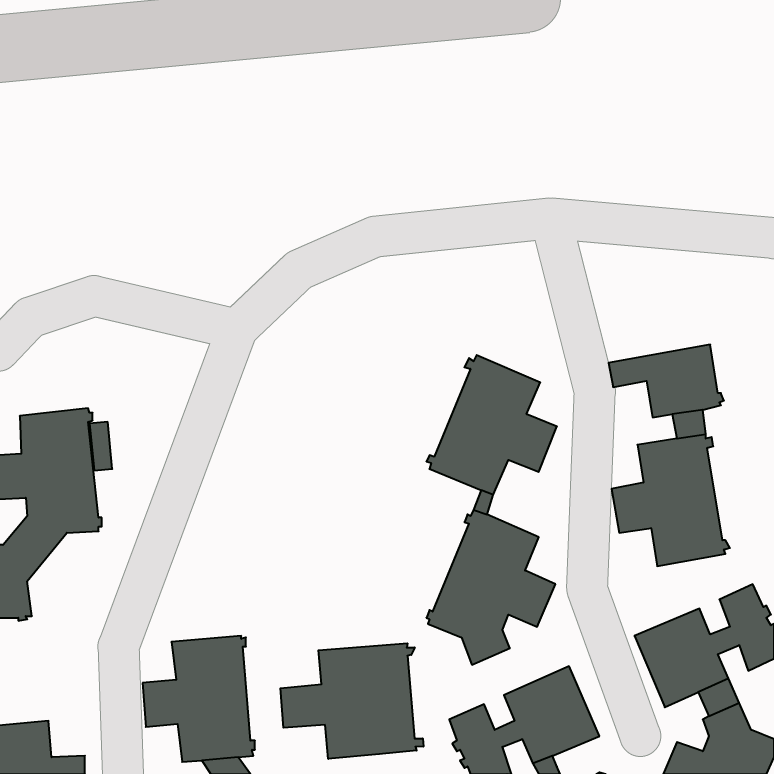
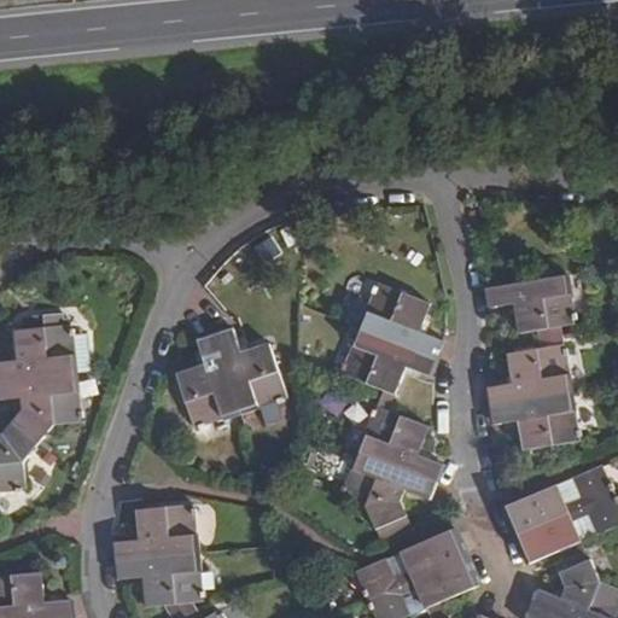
building: none -> [175,330,286,428]
building: [280,643,423,759] -> none

